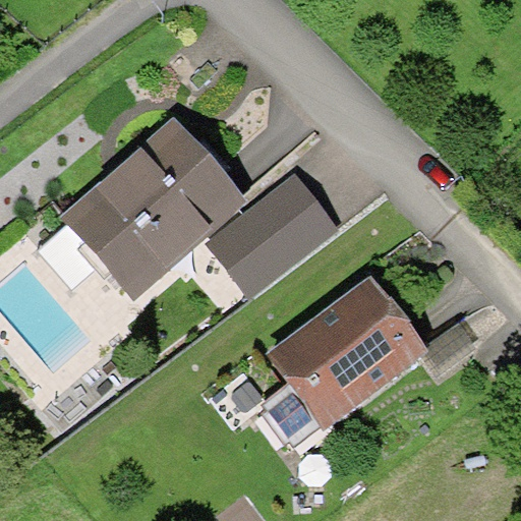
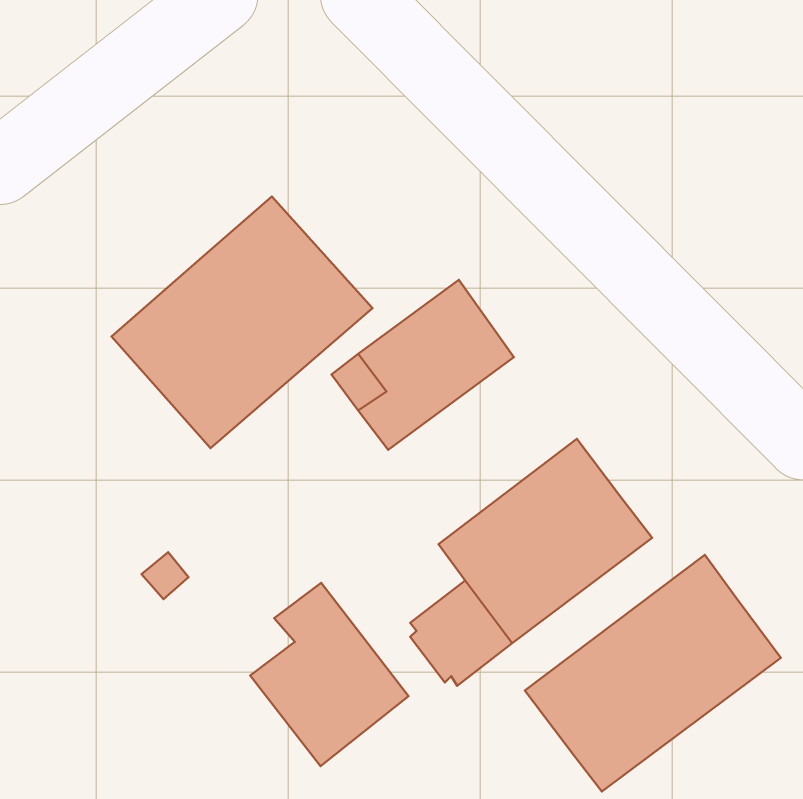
building: none -> [525,555,781,792]
building: none -> [250,583,408,766]

